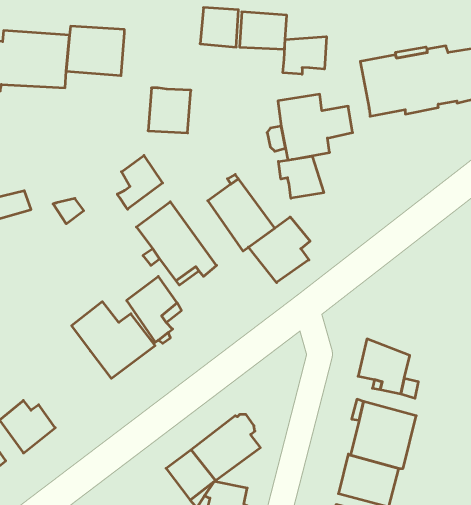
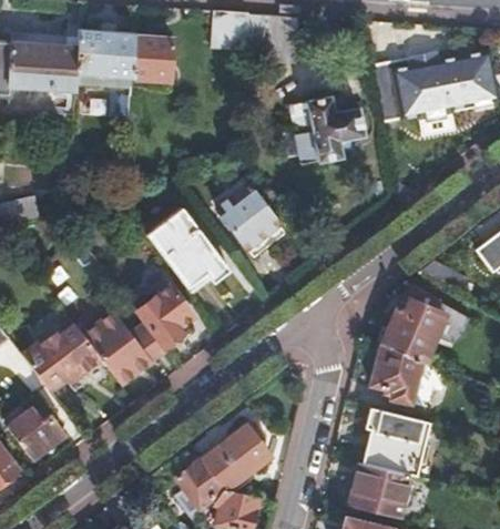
building: [283,37,326,74] -> none
building: [148,88,191,133] -> [131,37,174,82]
building: [117,155,163,209] -> none
building: [278,156,324,198] -> none
building: [248,217,310,283] -> none
building: none -> [378,304,442,365]
building: none -> [21,324,100,390]

